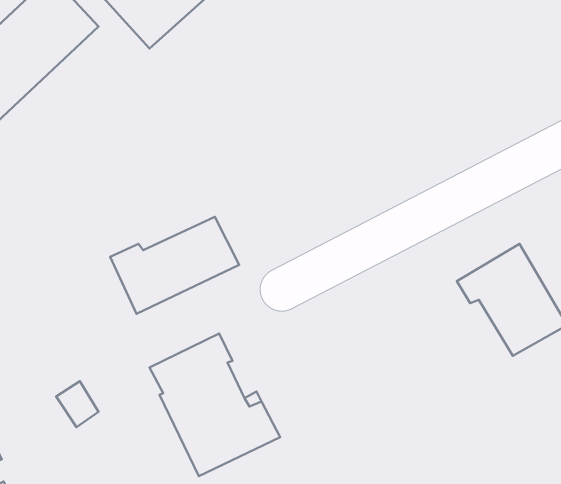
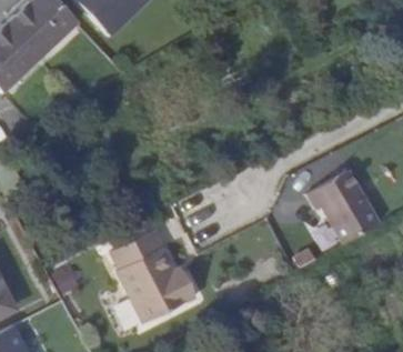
building: [110,217,239,314] -> none

